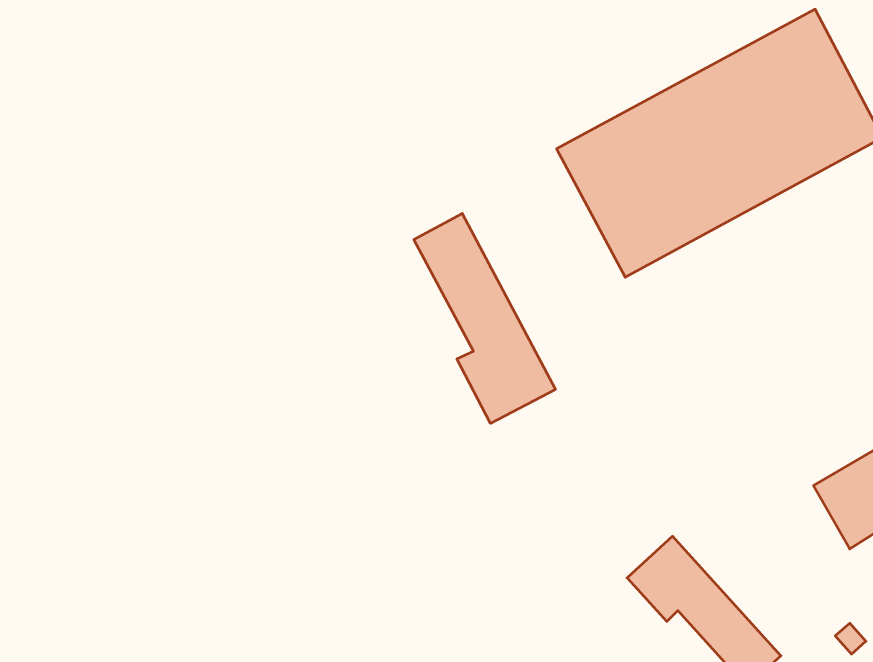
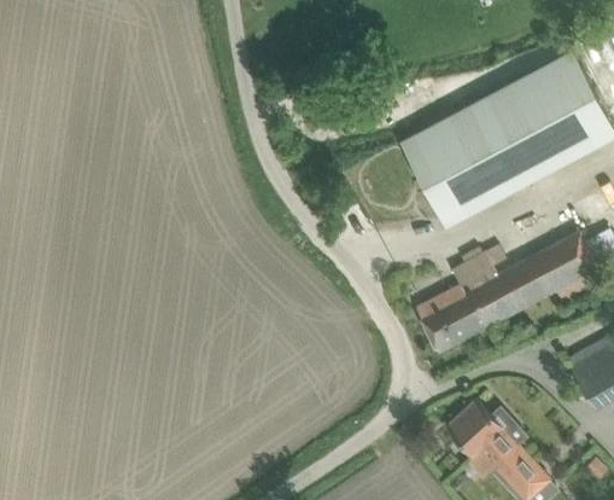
building: [414,213,555,423] -> none
building: none -> [416,231,596,353]

